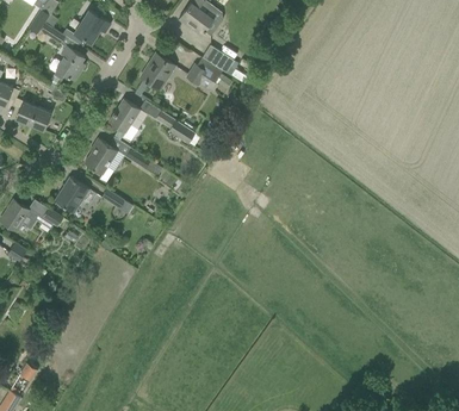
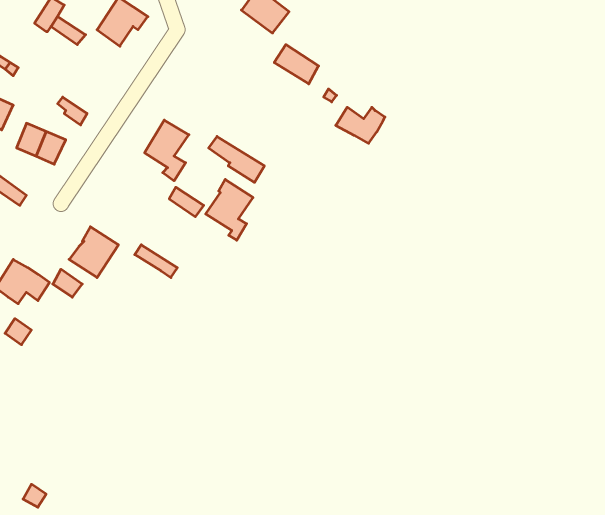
building: [49,46,85,81] -> none
building: [139,55,175,89] -> none
building: [186,64,222,91] -> [336,107,385,143]
building: [83,138,118,182] -> [206,179,253,240]

